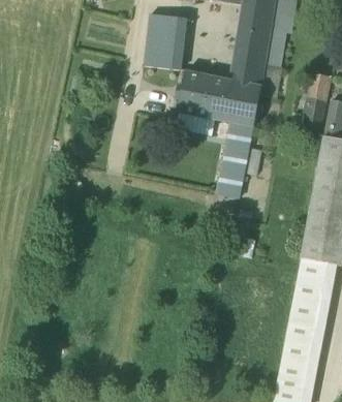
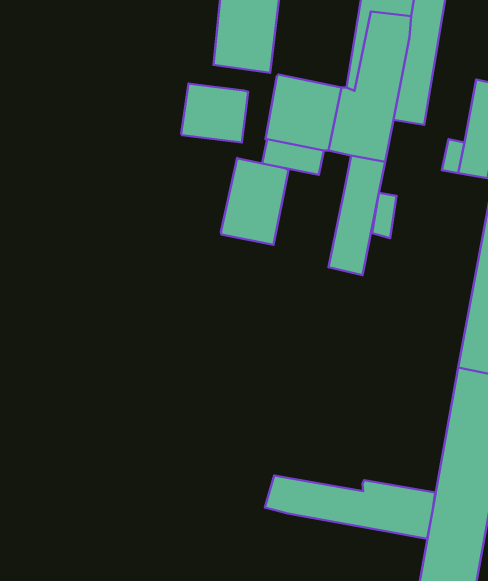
building: none -> [181,83,248,143]
building: none -> [221,158,288,245]
building: none -> [265,476,435,539]

